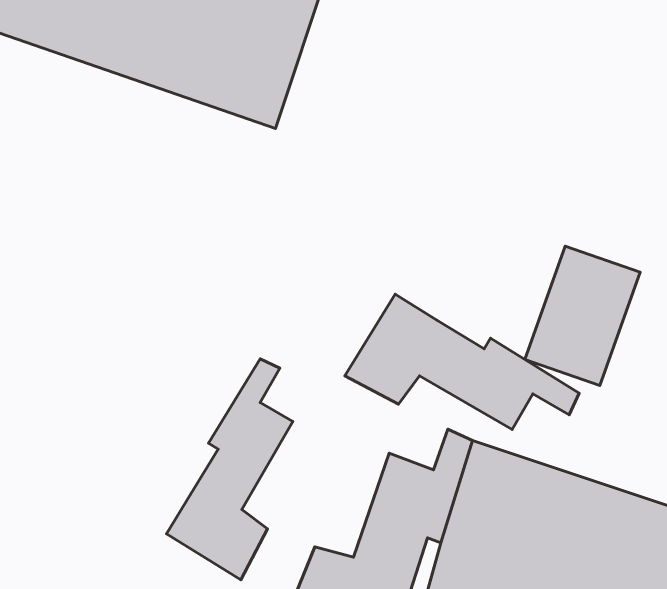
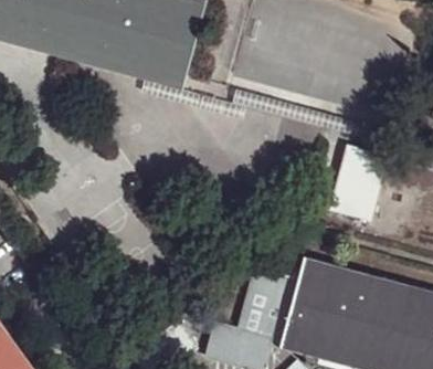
building: [345,294,579,430] -> none
building: [166,359,293,580] -> none

